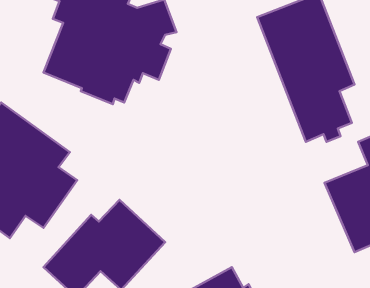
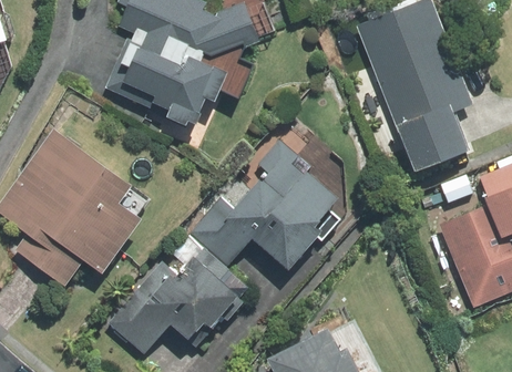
building: none -> [186,140,338,266]

